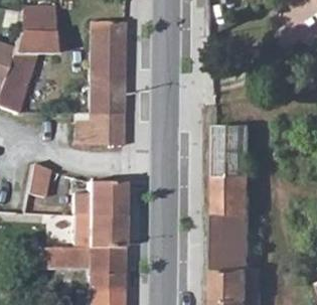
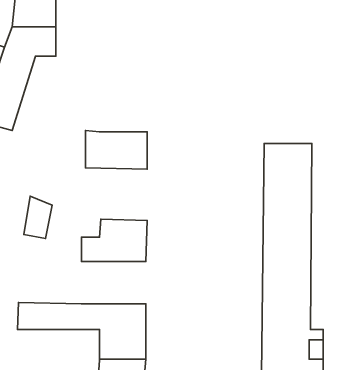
building: [87,22,126,114] -> none
building: [72,215,123,249] -> none

